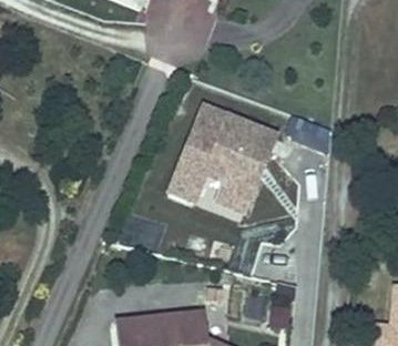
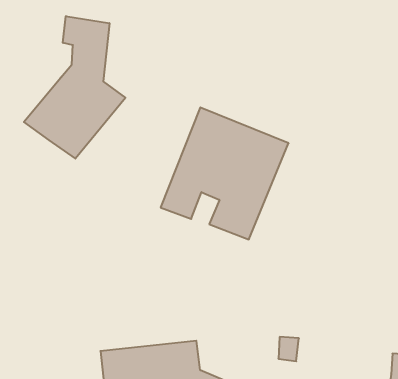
building: none -> [24,16,125,159]

